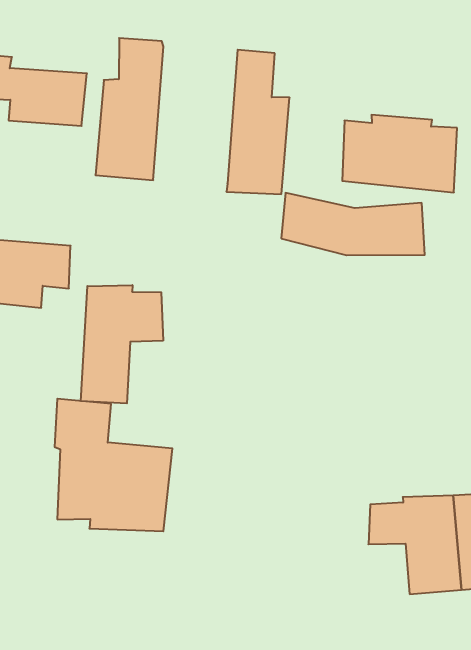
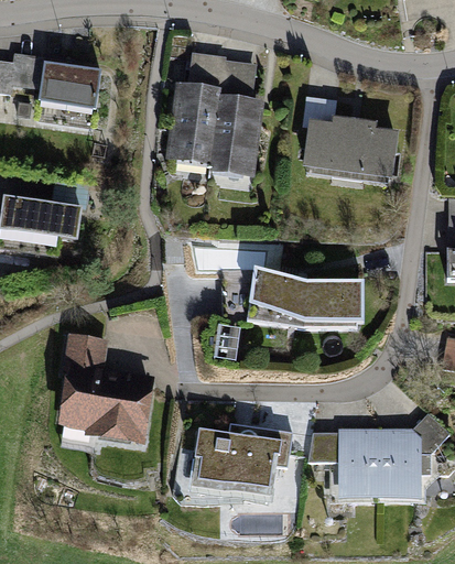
building: [95,38,163,180] -> [165,50,226,165]
building: [281,193,425,255] -> [248,268,362,324]
building: [81,285,163,403] -> none
building: none -> [193,421,292,492]

